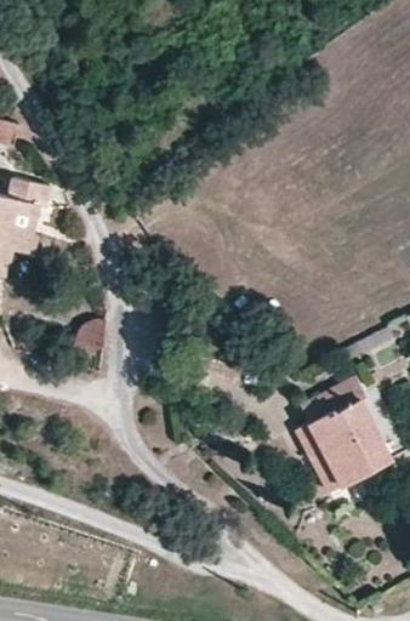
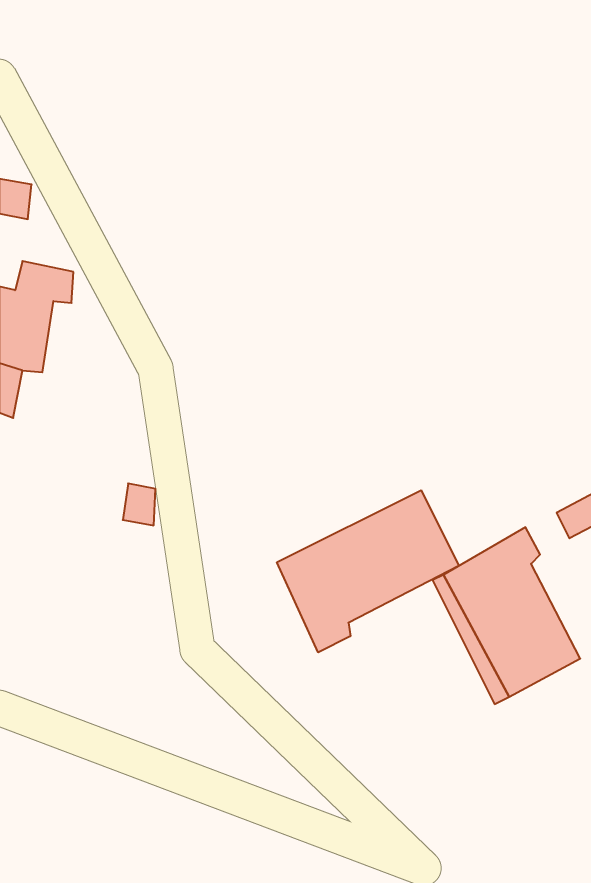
building: none -> [277,490,459,652]

